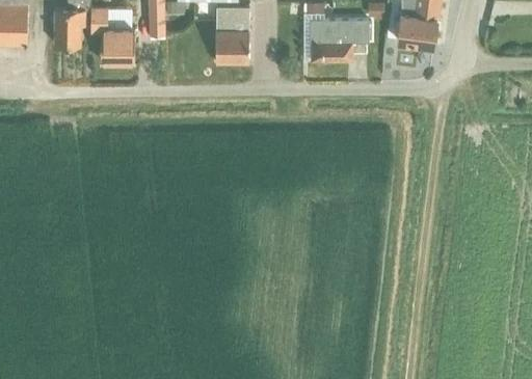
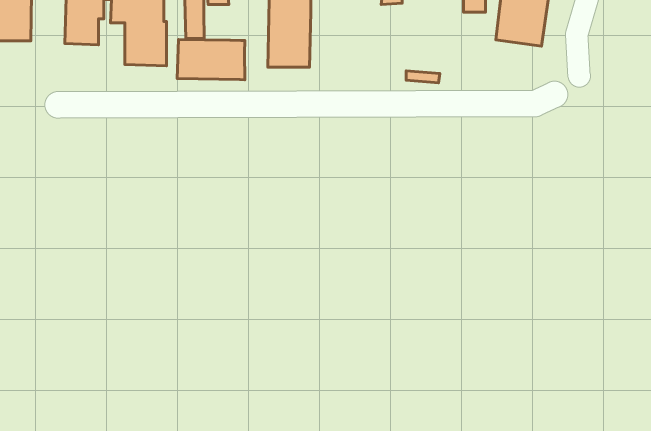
building: [310,22,369,60] -> none
building: none -> [177,39,245,80]

